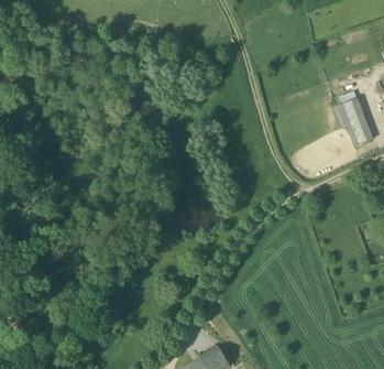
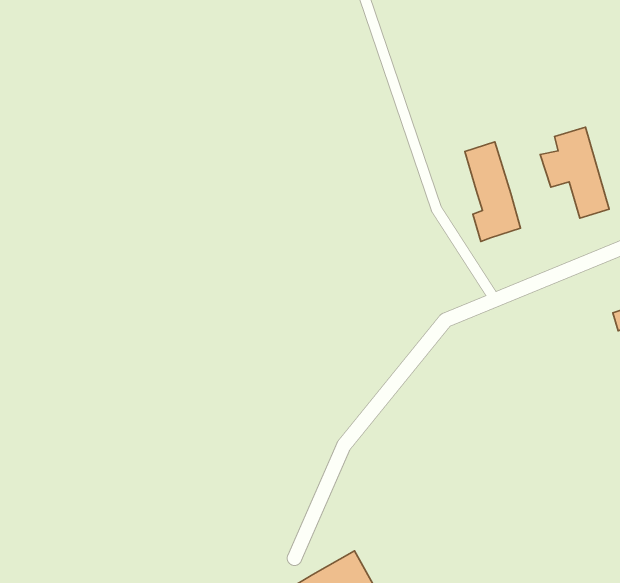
building: none -> [465,142,520,242]

